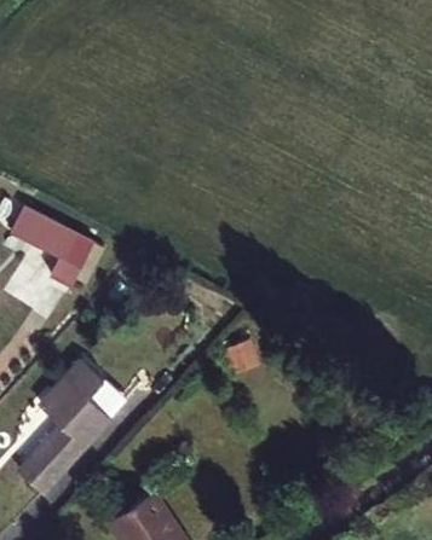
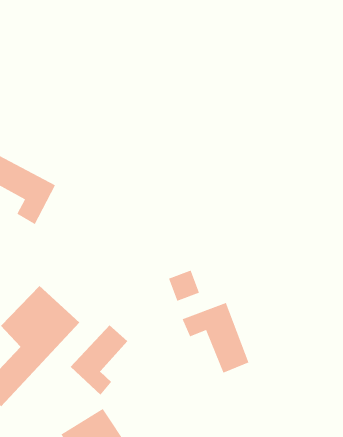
building: none -> [182,302,249,373]
building: none -> [70,325,128,396]

